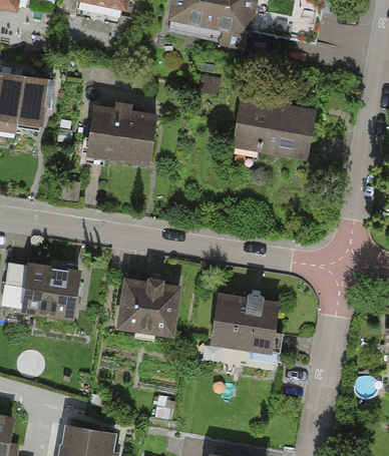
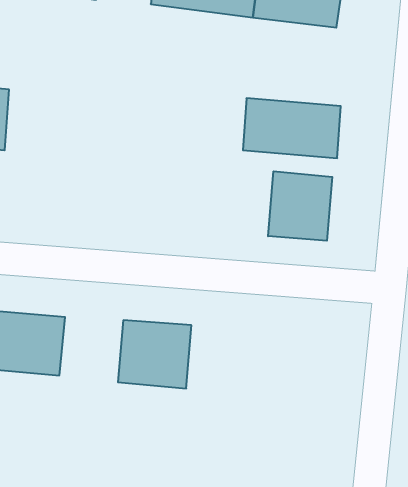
building: [84,105,154,164] -> none
building: none -> [268,171,332,241]
building: [209,292,278,353] -> none

